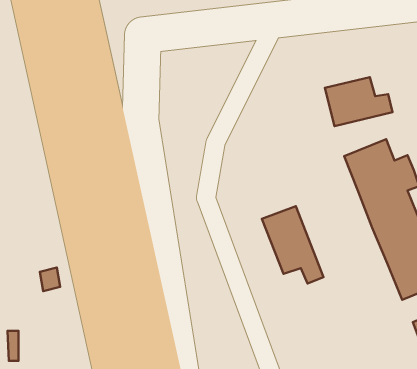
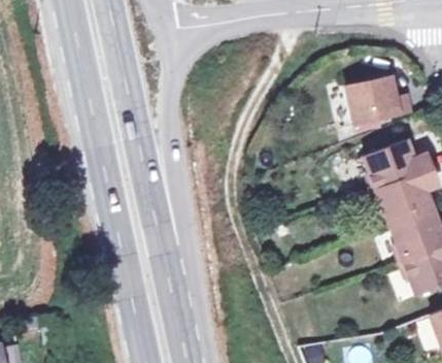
building: [262,206,323,283] -> none

